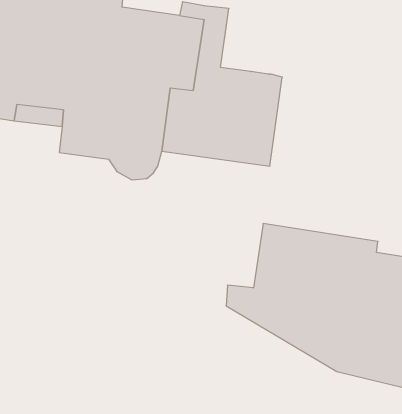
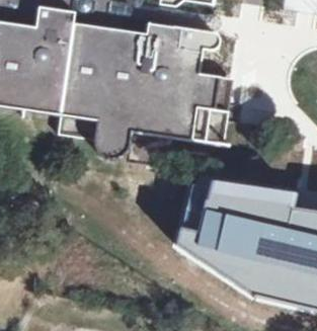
building: none -> [175,25,218,72]

